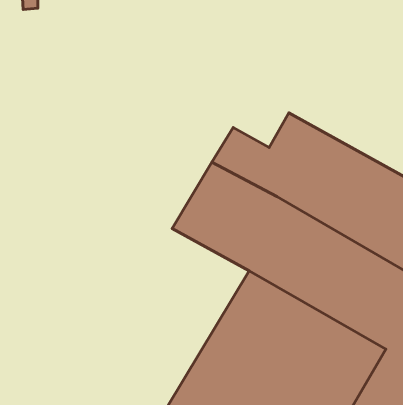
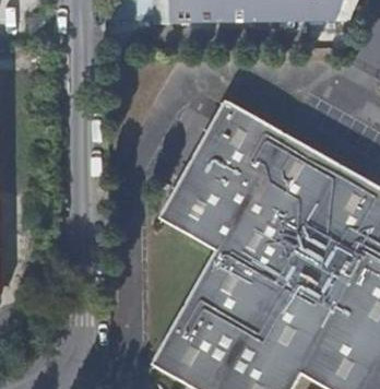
building: none -> [206,101,252,146]

